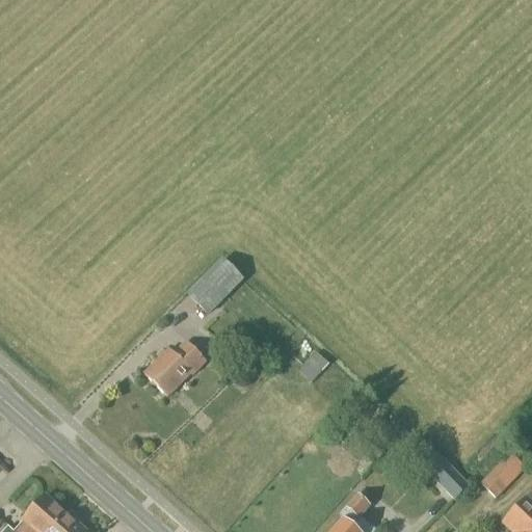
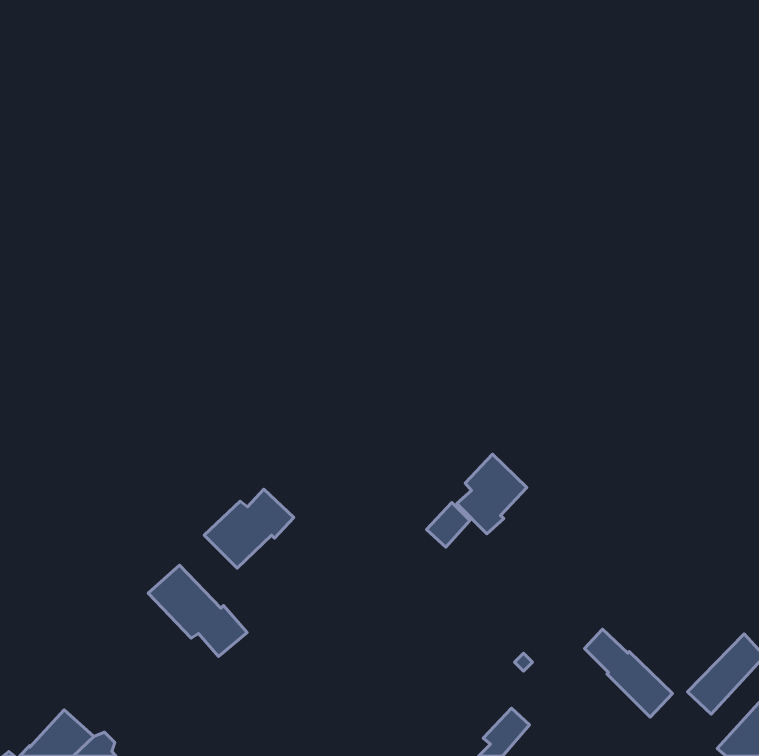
building: [187,257,245,315] -> none
building: none -> [457,454,527,534]
building: none -> [148,565,247,656]

